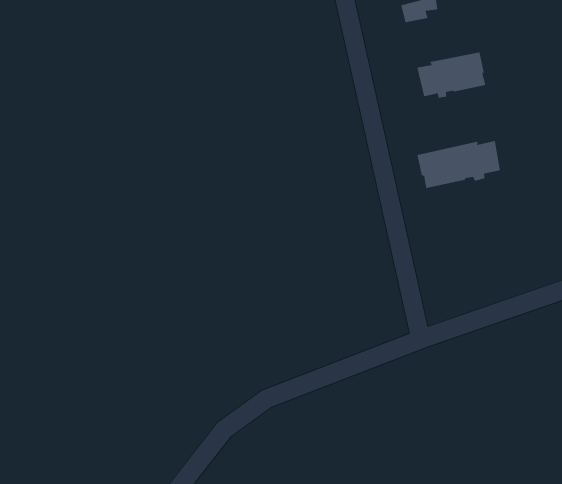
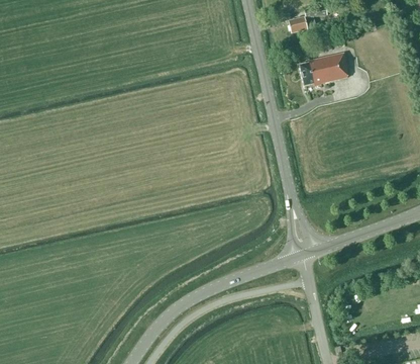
building: [417,140,500,189] -> none

